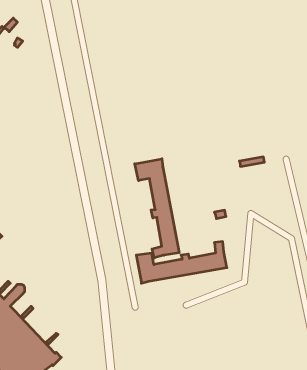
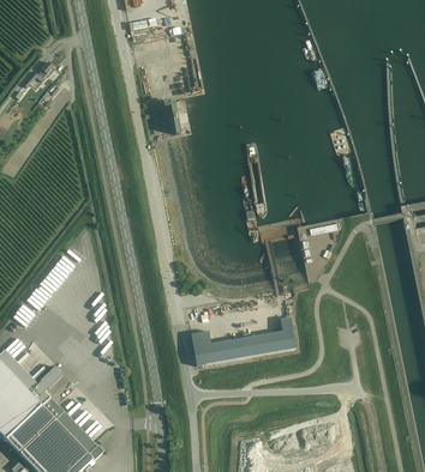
building: [135,159,179,258] -> none

